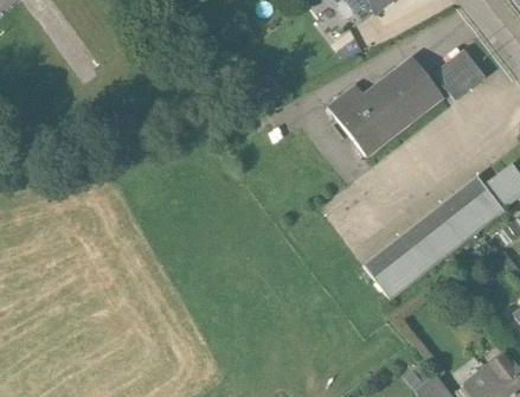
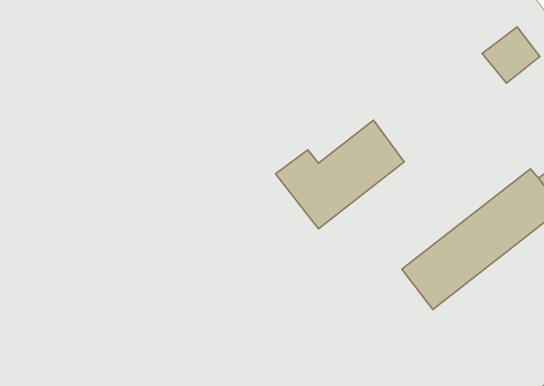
building: [328,58,442,154] -> [276,120,404,229]

